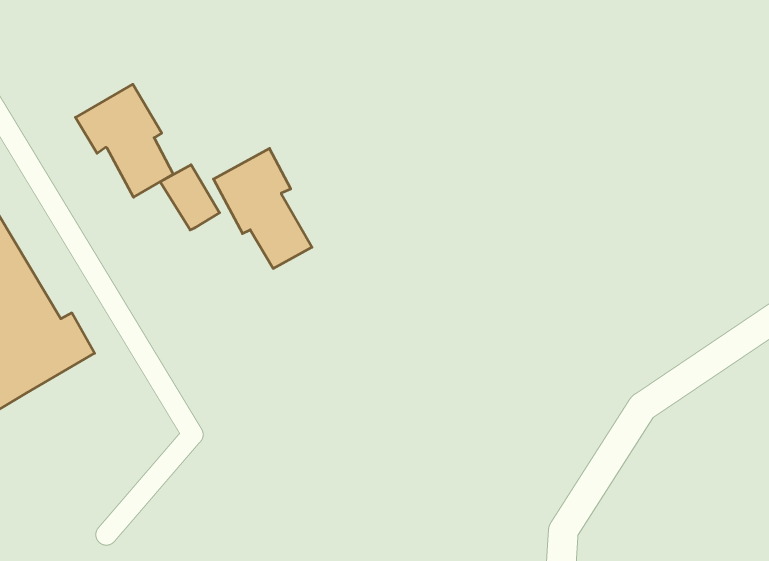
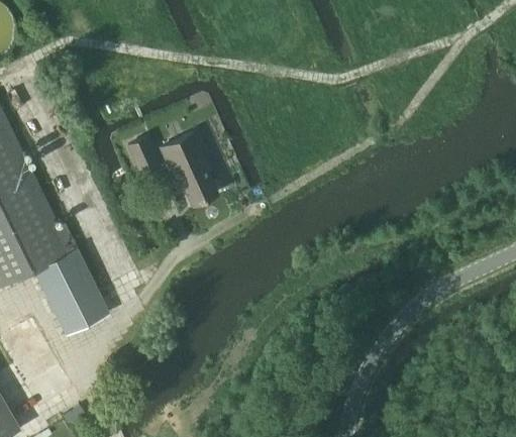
building: [75,84,173,197] -> none
building: none -> [32,249,109,336]

